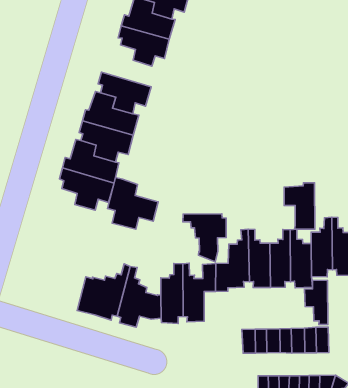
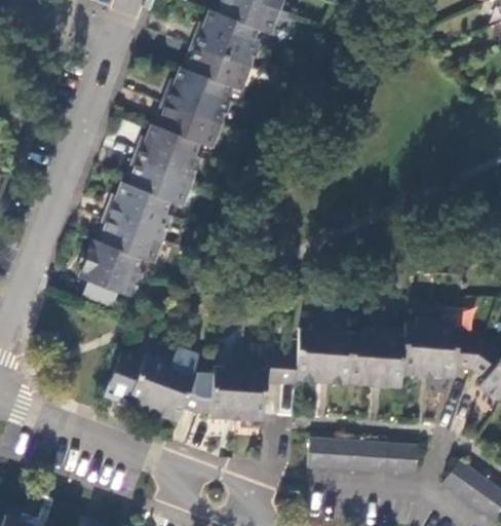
building: none -> [161,66,231,124]
building: [108,177,158,229] -> [78,238,142,305]
building: [284,183,315,229] -> none
building: [183,214,226,262] -> none
building: [305,280,328,325] -> none

